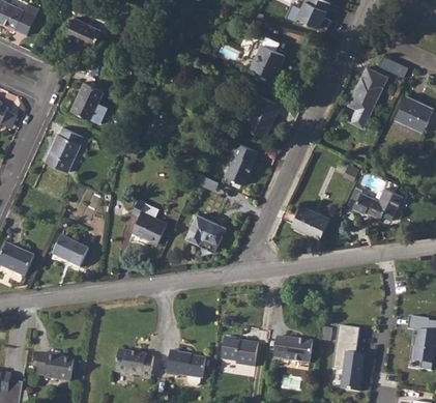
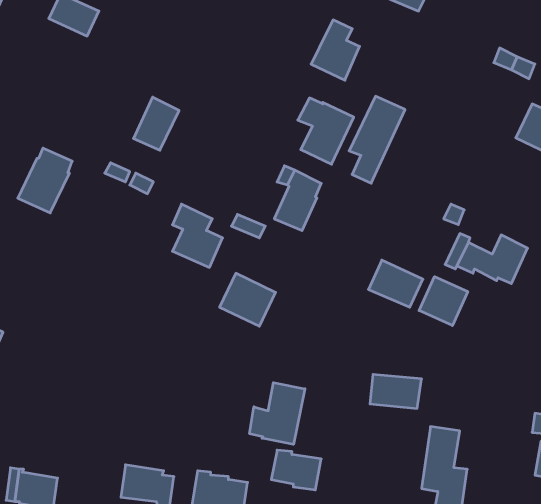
building: [348,67,387,128] -> [349,96,405,183]
building: [71,82,104,119] -> [133,97,179,150]
building: [132,199,167,243] -> [172,204,223,267]
building: none -> [419,277,468,326]
building: [53,236,88,267] -> none
building: none -> [250,383,305,444]
building: [277,340,313,364] -> [370,374,422,408]

